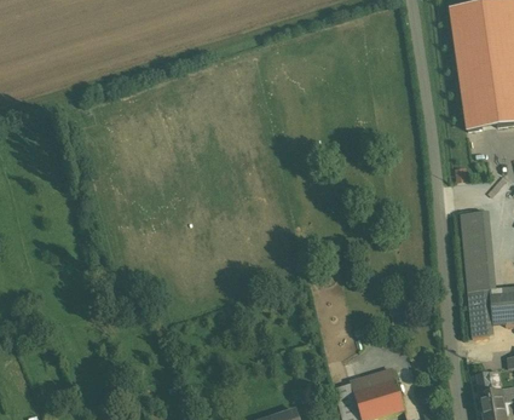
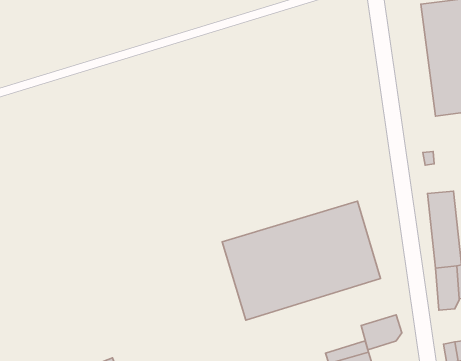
building: none -> [222,201,380,320]
building: none -> [361,315,402,350]

